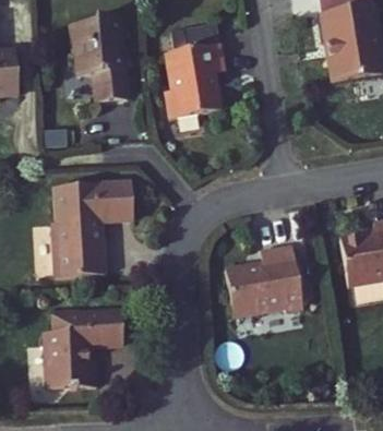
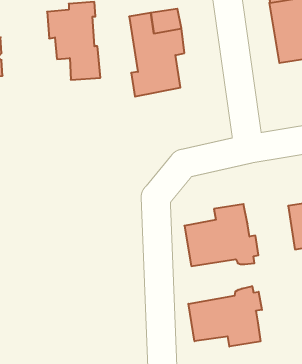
building: [43,184,122,278] -> none
building: [55,303,129,378] -> none
building: none -> [188,286,262,347]

